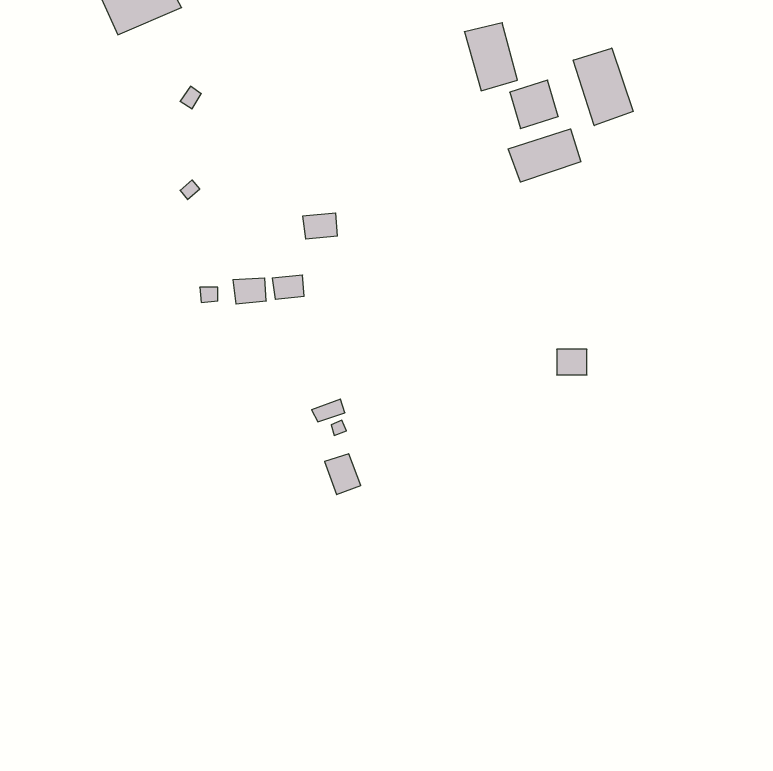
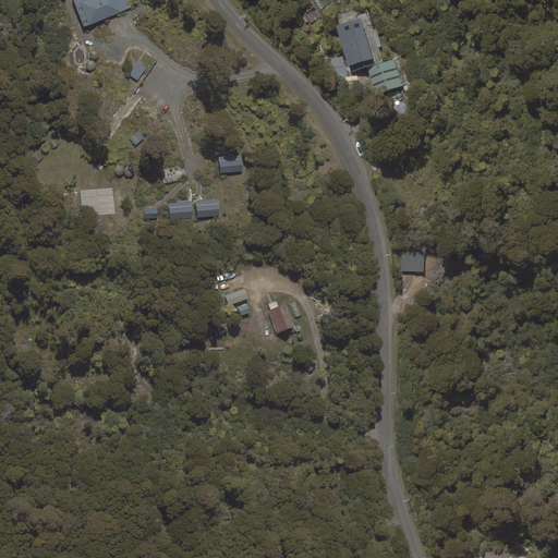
building: [573,48,633,126] -> none
building: [508,129,581,182] -> none
building: [325,454,361,495] -> [268,304,294,333]

